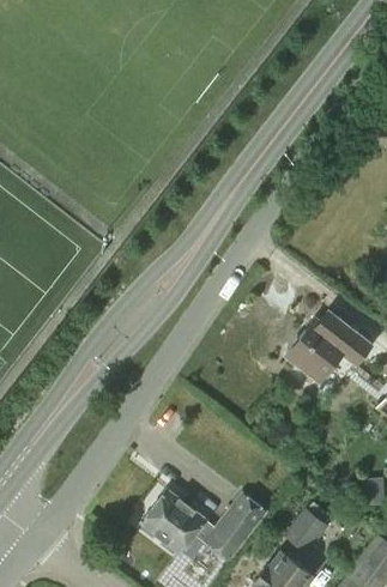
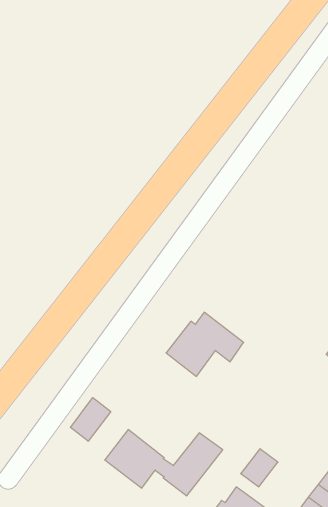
building: [288,313,370,381] -> [166,312,244,376]
building: none -> [70,398,111,441]

